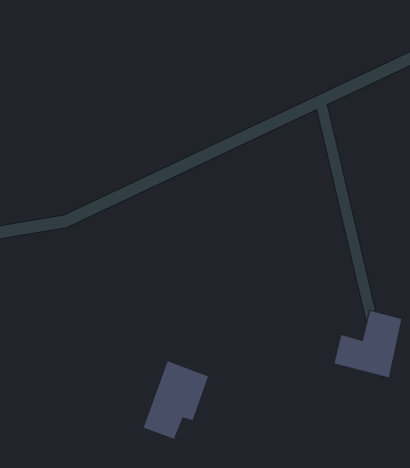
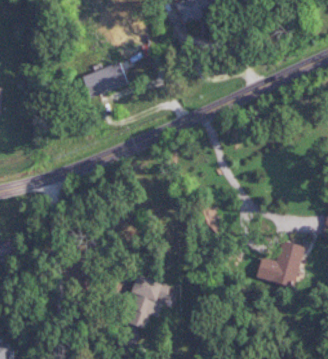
building: none -> [82,63,128,98]

